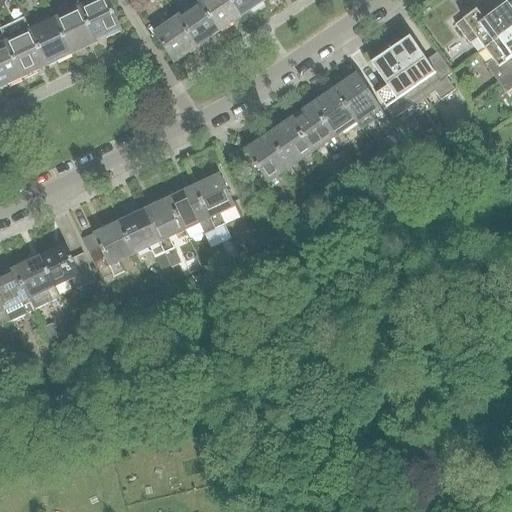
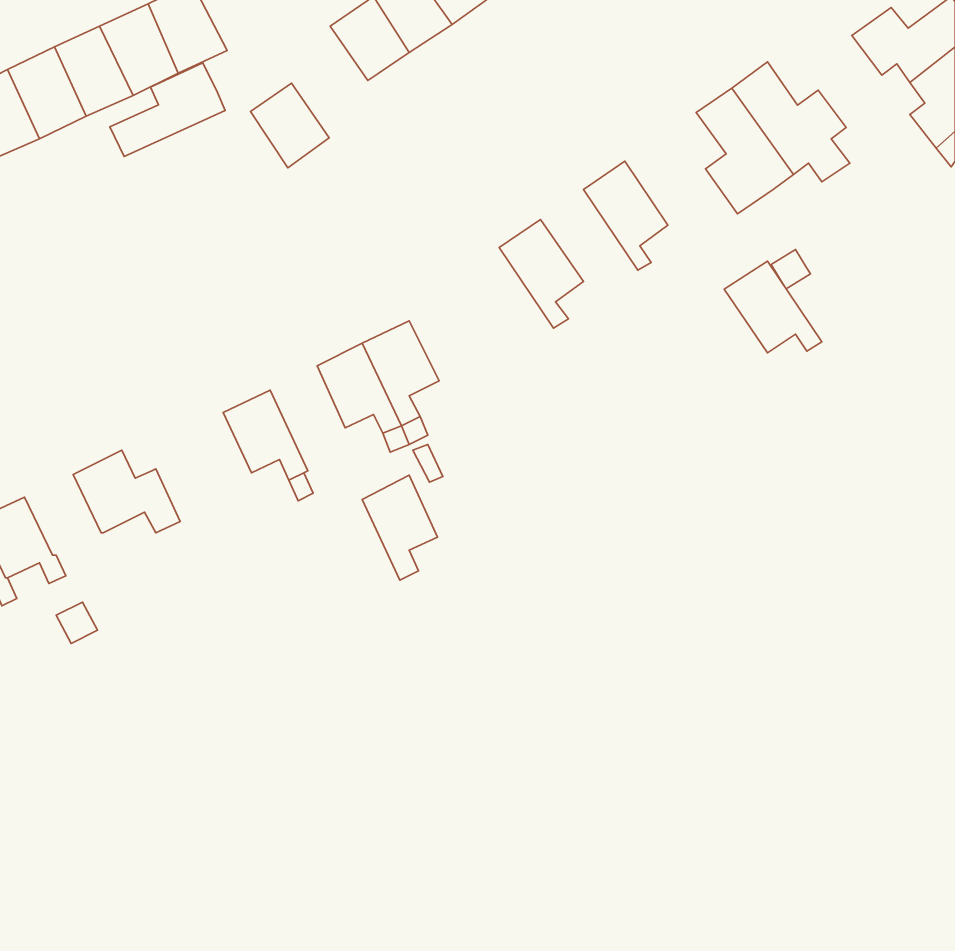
building: [154,14,196,59] -> [250,83,329,168]
building: none -> [110,63,225,157]
building: [333,71,385,120] -> [724,261,822,353]
building: [288,101,340,150] -> none
building: [244,132,295,181] -> none
building: [144,195,184,251] -> [362,475,437,580]
building: [88,220,134,277] -> none
building: [13,253,60,299] -> none

